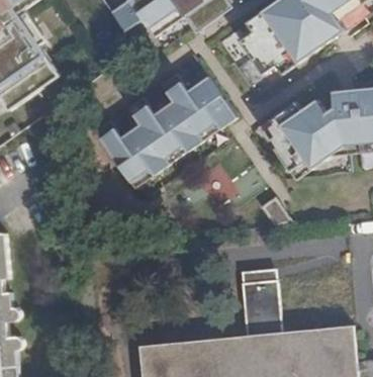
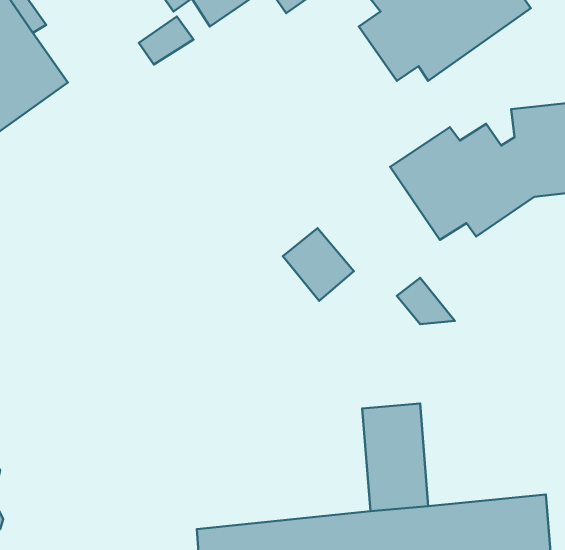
building: [93,54,237,182] -> none

